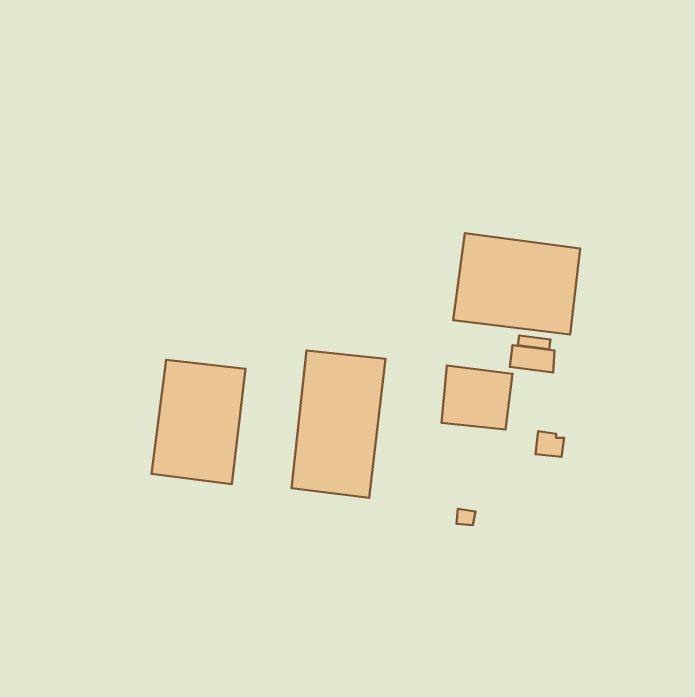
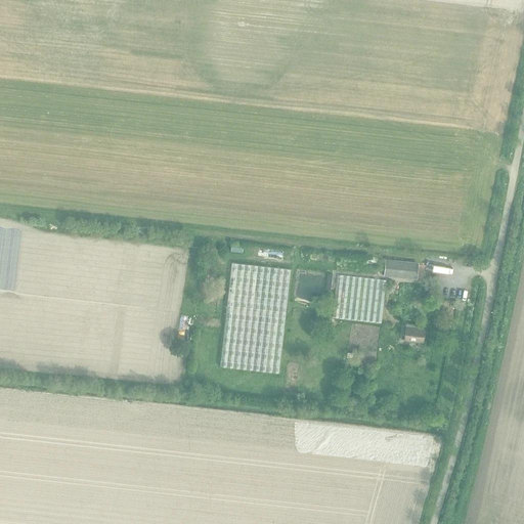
building: [453,233,580,334] -> none
building: [151,360,245,484] -> none

